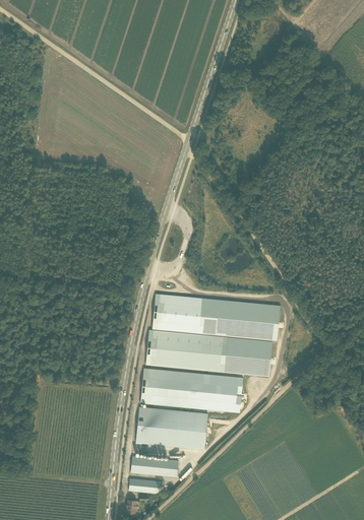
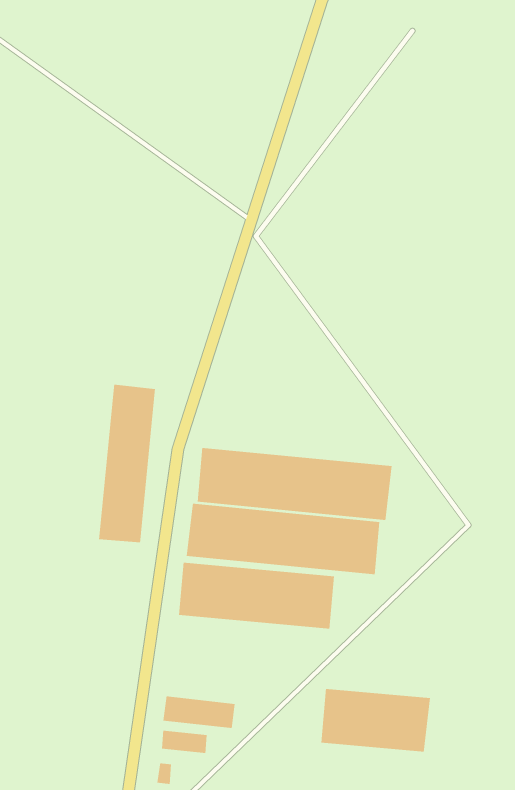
building: none -> [99,384,156,543]
building: [136,406,208,448] -> [321,688,431,752]

